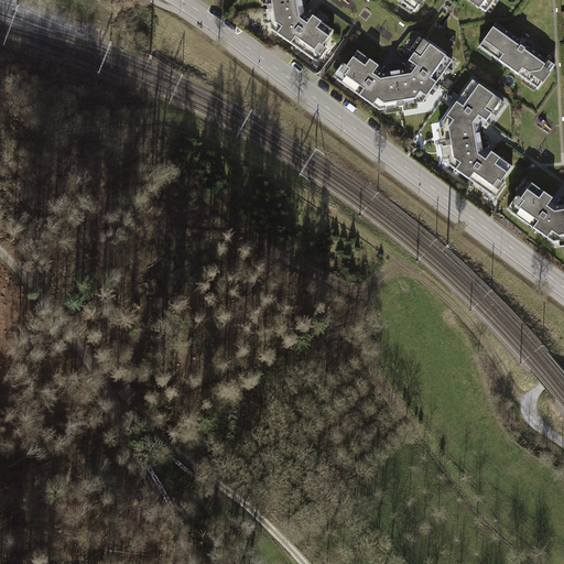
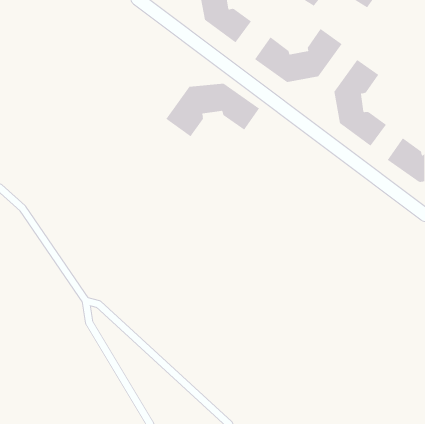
building: [479,22,553,86] -> none
building: none -> [166,83,260,137]

